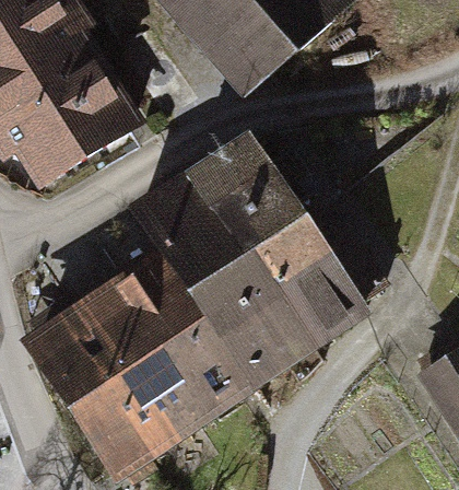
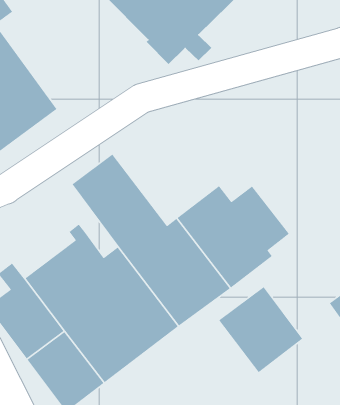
building: [183,145,304,271] -> none
building: none -> [218,286,303,373]

